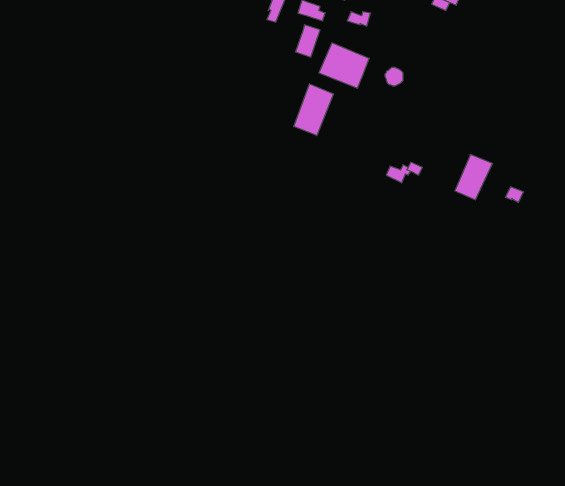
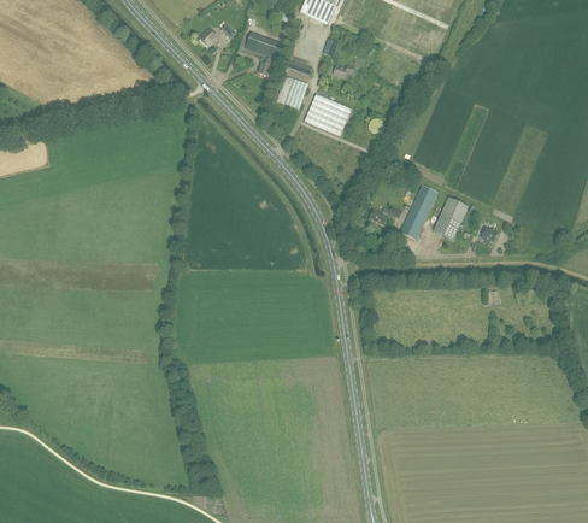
building: [294,84,334,136] -> none
building: none -> [400,183,439,237]

